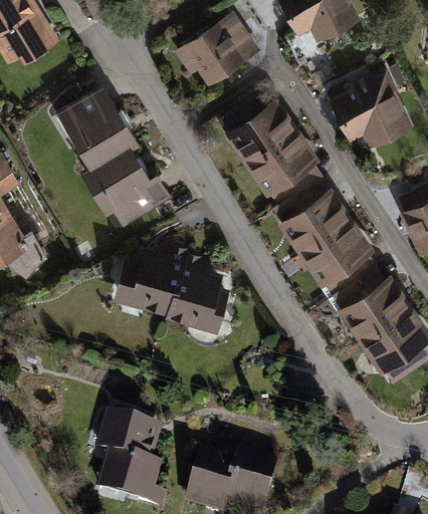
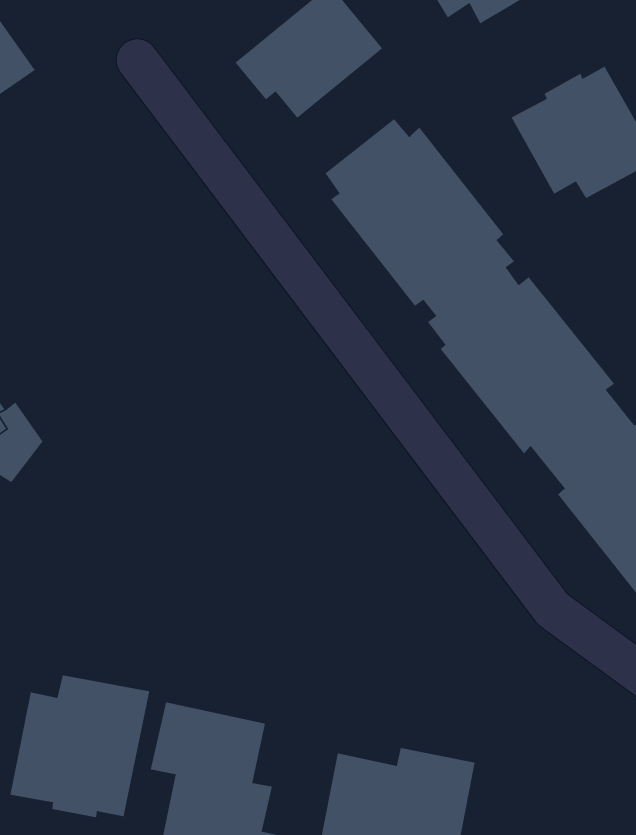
building: [55,81,175,225] -> none
building: [111,242,230,335] -> none
building: none -> [10,674,150,818]

